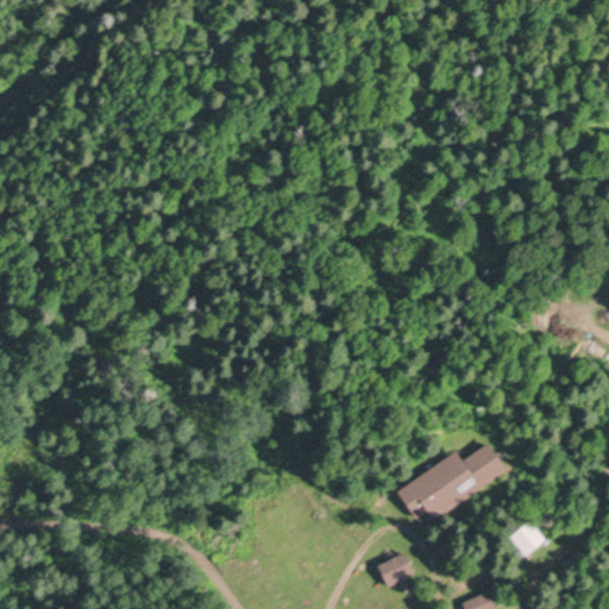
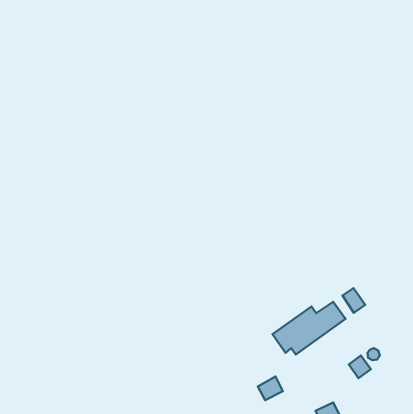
building: none -> [342,288,365,313]

